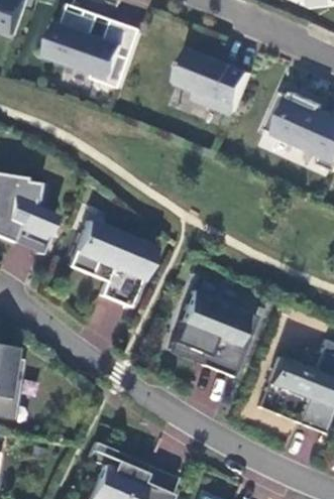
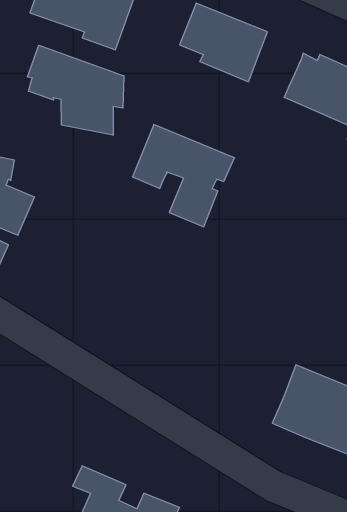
building: none -> [28,45,124,135]
building: [69,221,155,307] -> [132,124,235,227]
building: [169,290,257,377] -> none

